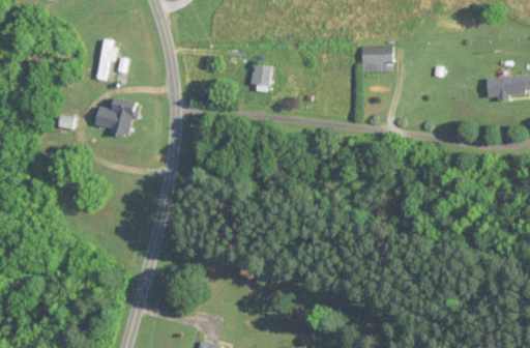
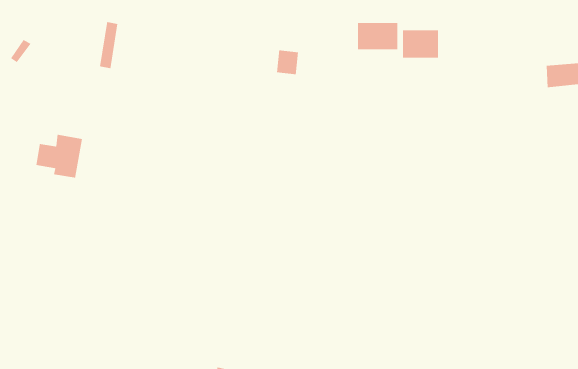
building: none -> [358,22,398,50]
building: [95,98,137,137] -> [35,134,83,178]

